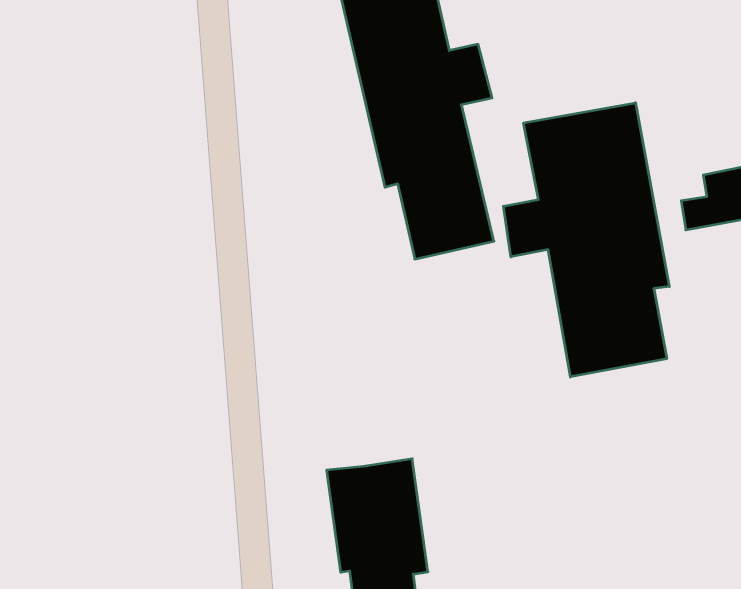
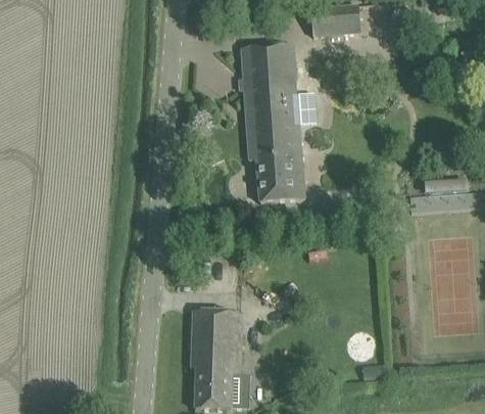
building: [503,103,669,377] -> none

